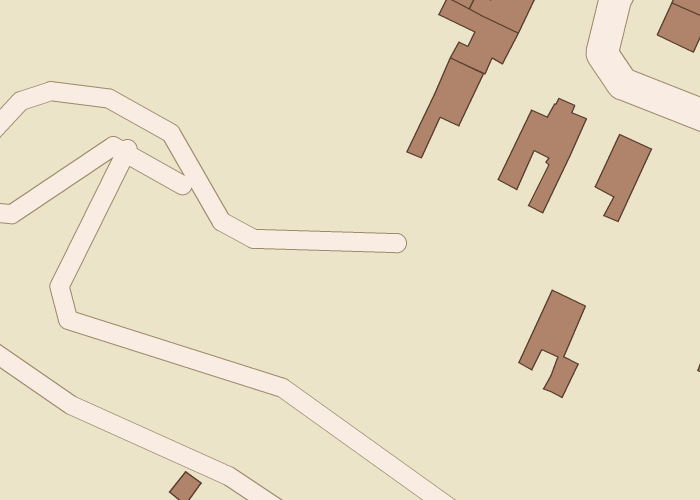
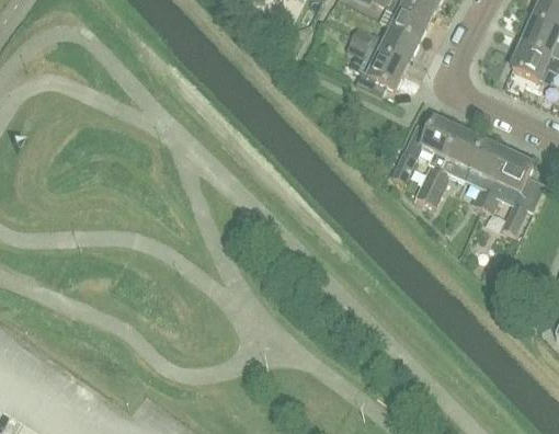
building: [407,58,484,158] -> [425,129,483,205]
building: [519,290,585,397] -> [482,152,533,233]

